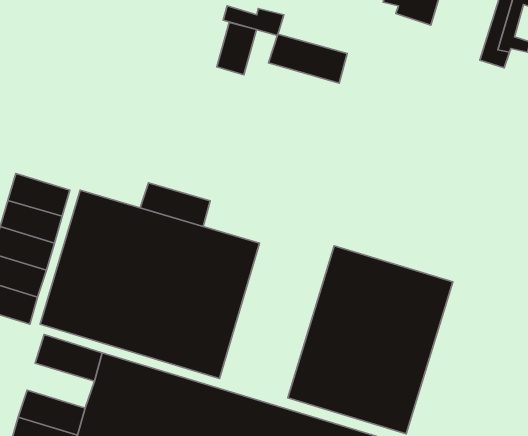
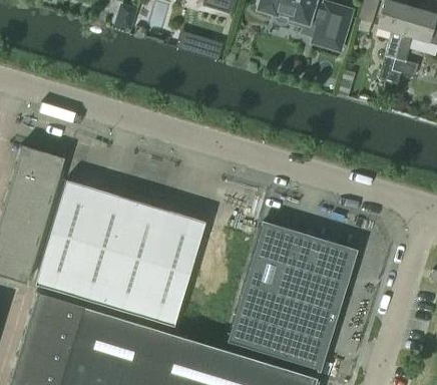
building: [217,22,257,75] -> none
building: [269,34,347,83] -> none
building: none -> [16,144,65,179]
building: [140,183,210,226] -> none
building: none -> [25,314,77,349]

